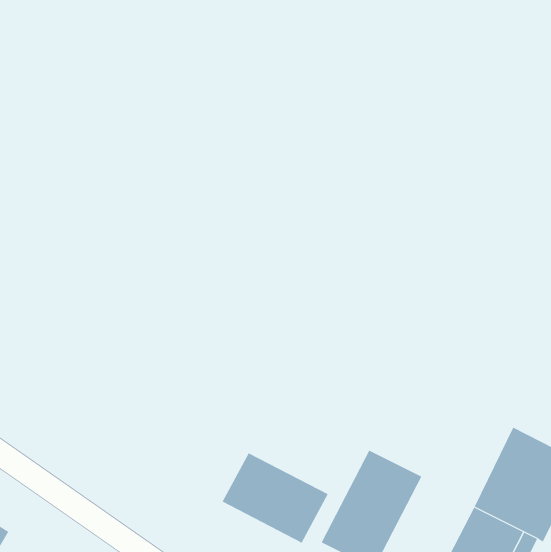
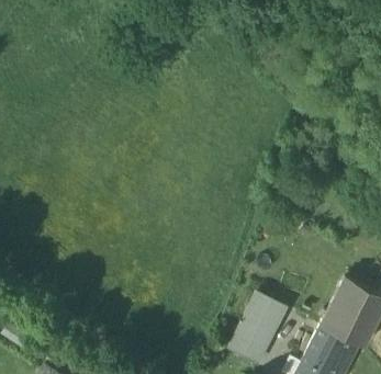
building: [222,452,329,543] -> none

